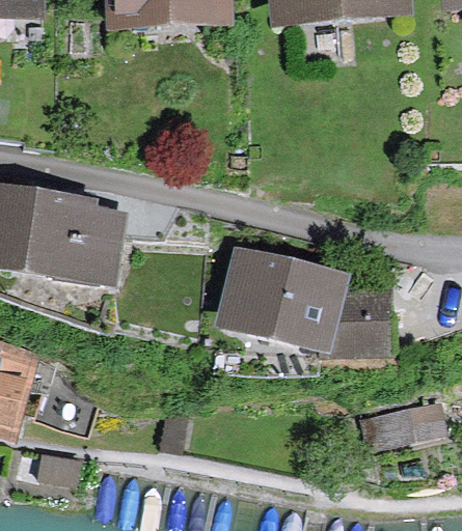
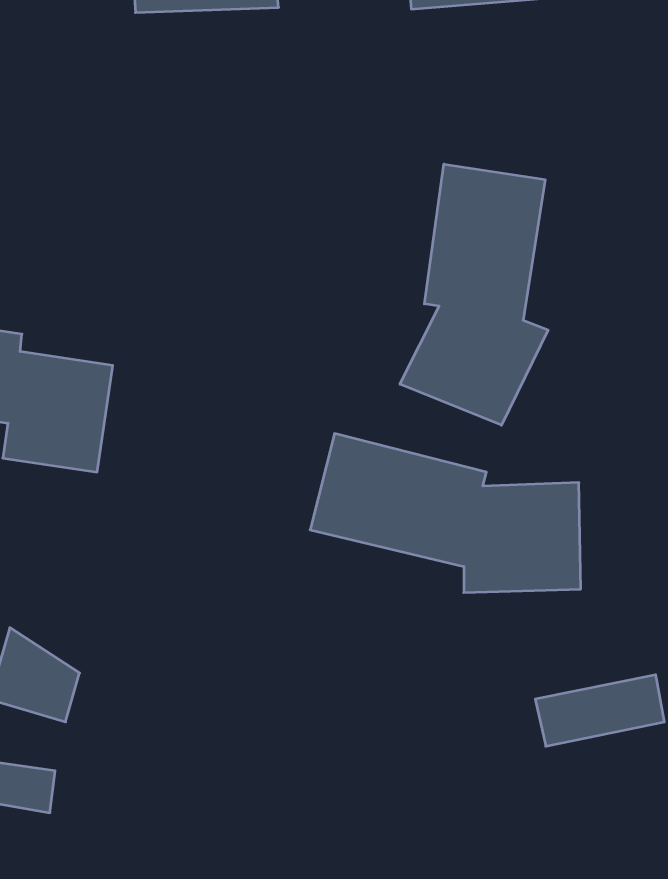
building: none -> [400,164,548,425]

